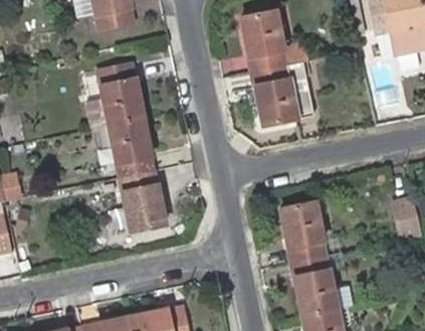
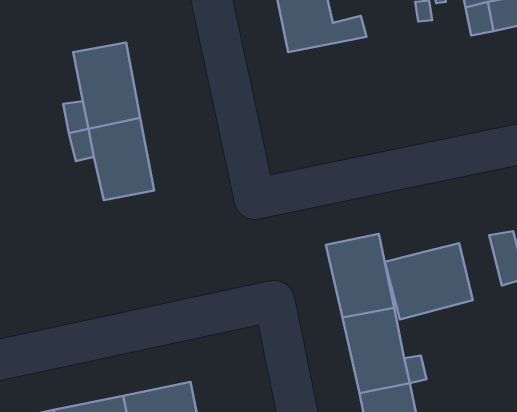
building: [250,58,313,125] -> none
building: [118,168,164,230] -> none
building: none -> [385,243,473,319]

